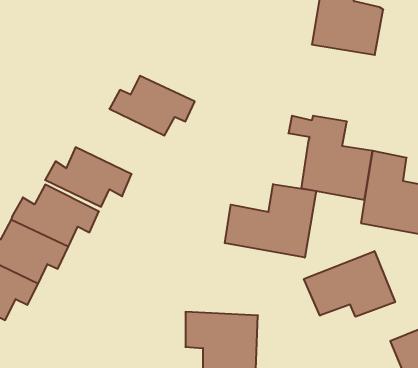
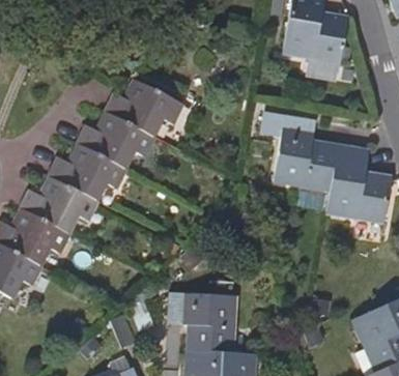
building: none -> [75,111,153,169]
building: [225,184,316,258] -> none
building: [304,251,395,317] -> none

